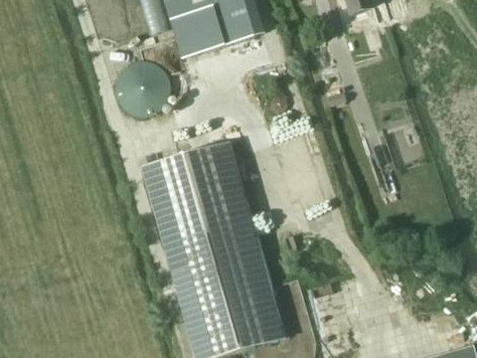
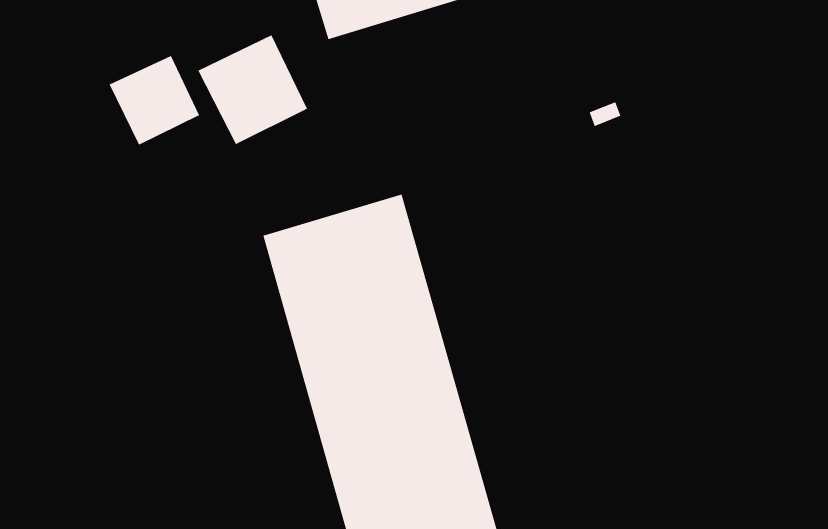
building: none -> [109,55,200,145]

